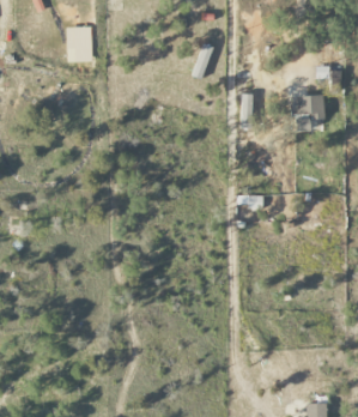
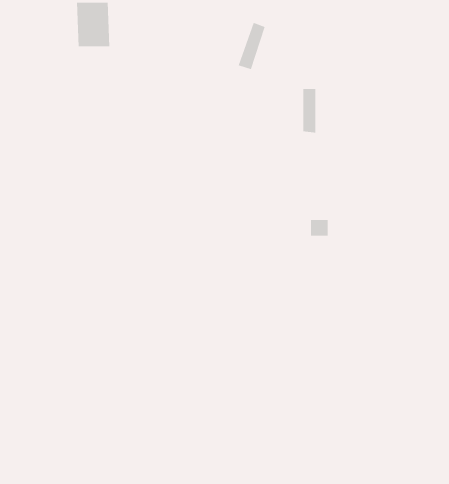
building: [296,95,324,129] -> none

